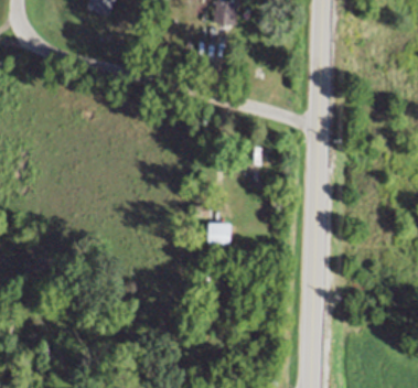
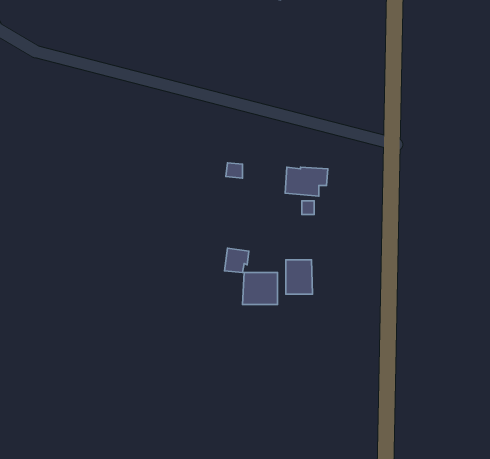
building: none -> [286,260,313,294]

